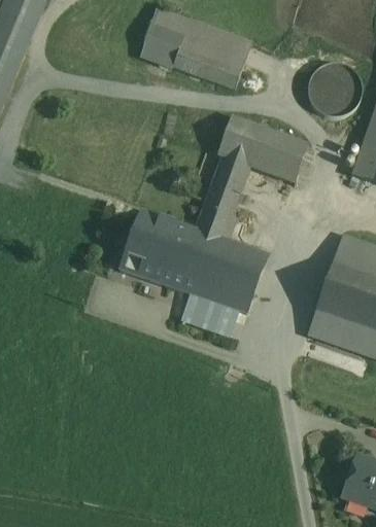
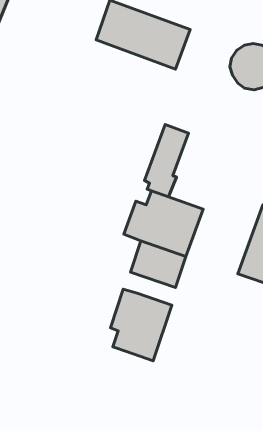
building: [217,116,308,181] -> none
building: [121,211,206,285] -> none
building: none -> [110,289,172,361]

